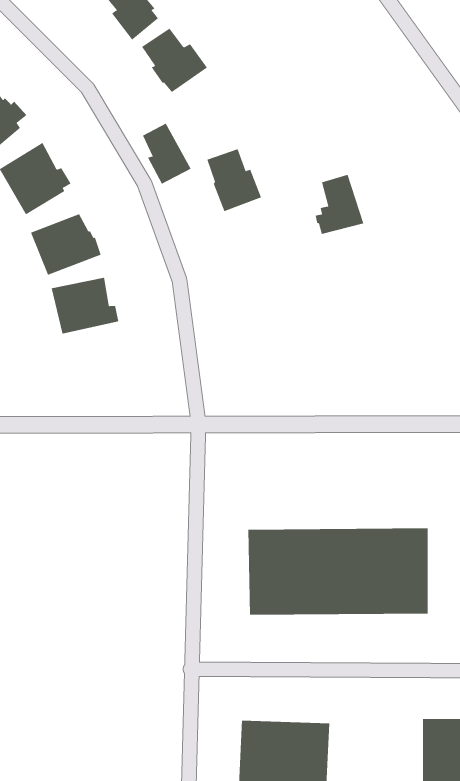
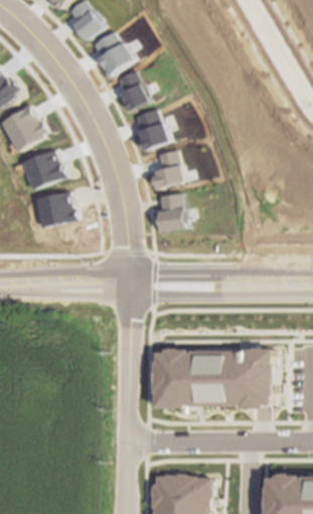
building: [142,123,191,185] -> [116,72,147,111]
building: [315,174,364,235] -> [150,150,181,188]
building: none -> [156,194,185,232]

